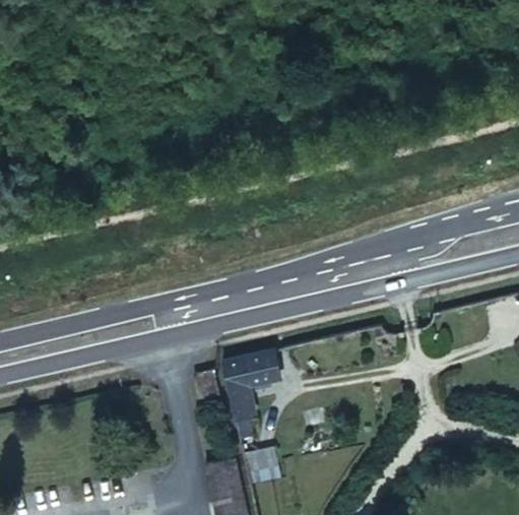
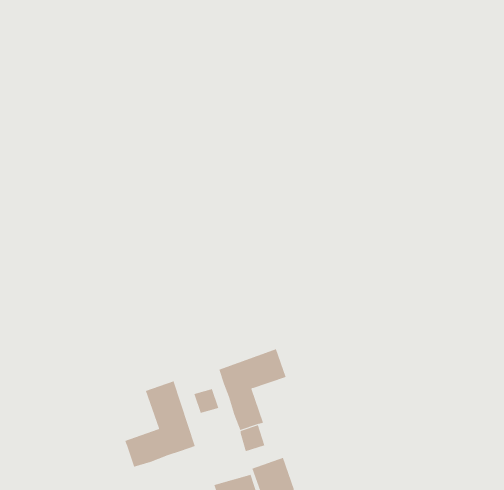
building: none -> [124,381,196,468]

